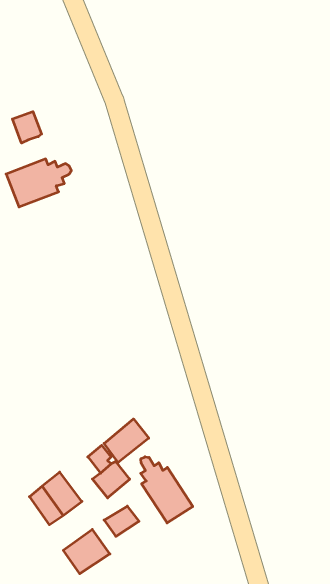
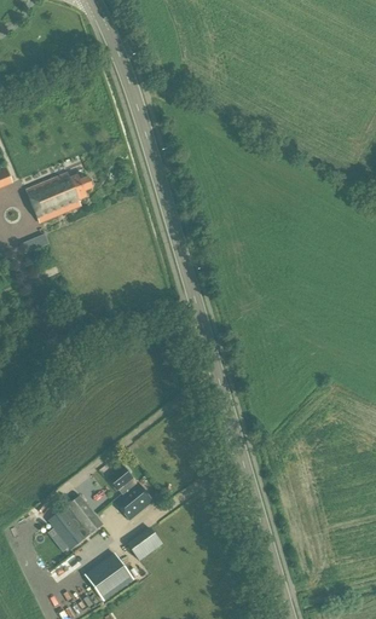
building: [12,112,42,143] -> none
building: [104,419,149,462] -> none
building: [141,457,193,523] -> none

